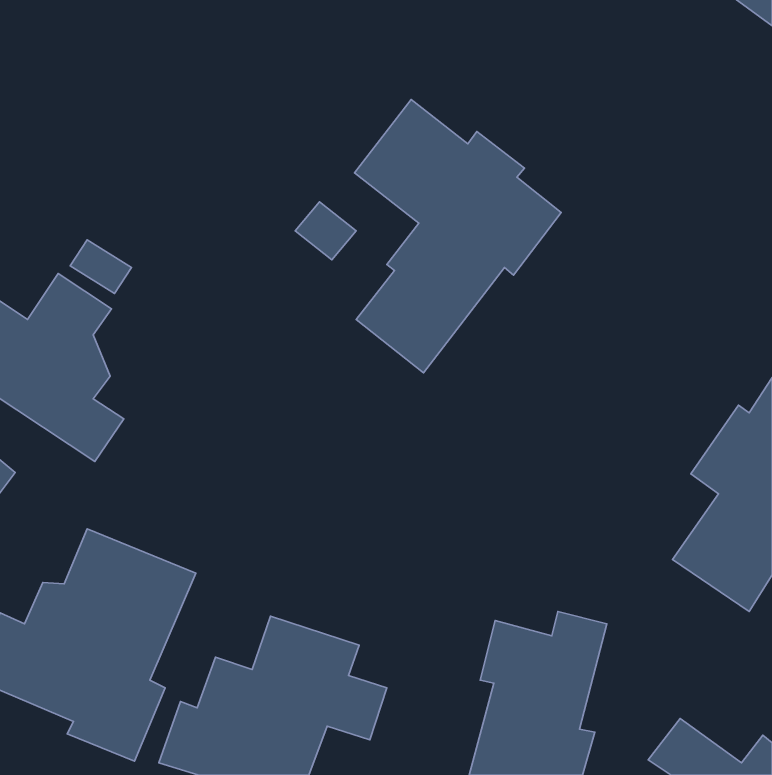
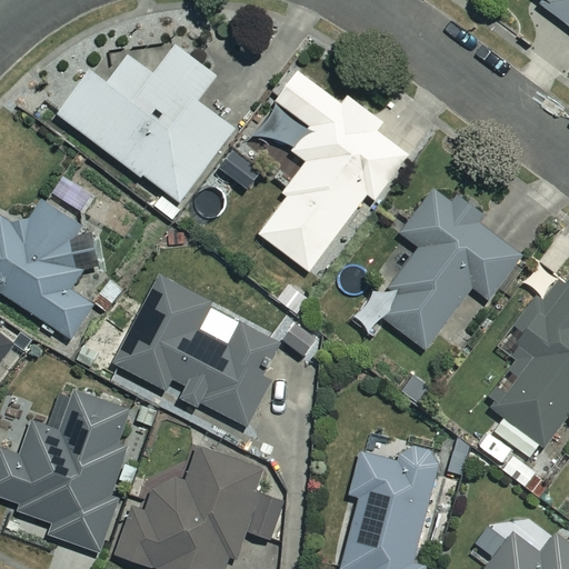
building: none -> [59,47,234,202]
building: none -> [356,183,521,348]
building: none -> [114,274,276,425]

